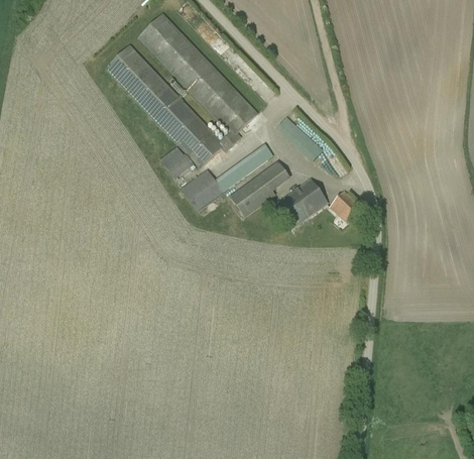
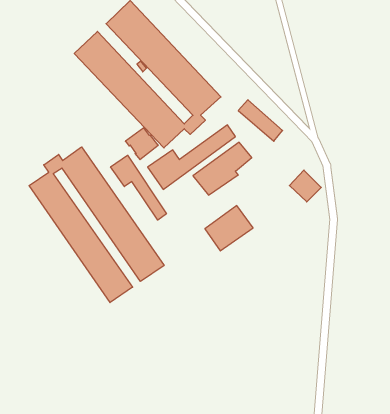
building: none -> [29,147,164,303]
building: none -> [111,155,166,220]
building: [277,179,328,226] -> [205,206,253,251]

